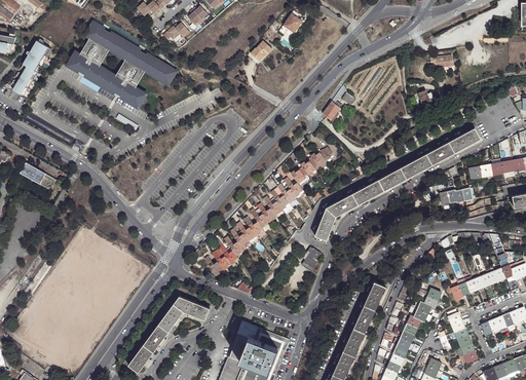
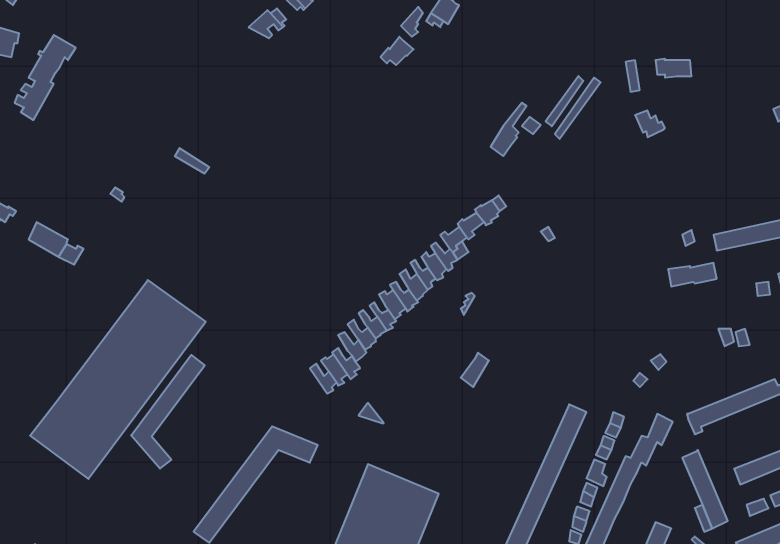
building: [67,22,173,105] -> none
building: [315,127,480,239] -> none
building: none -> [30,280,206,479]
building: none -> [131,355,205,469]

